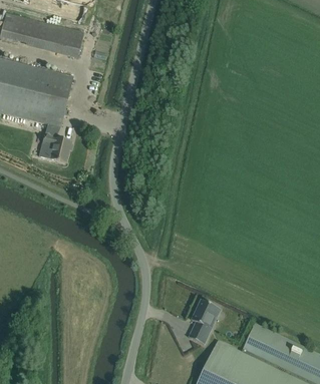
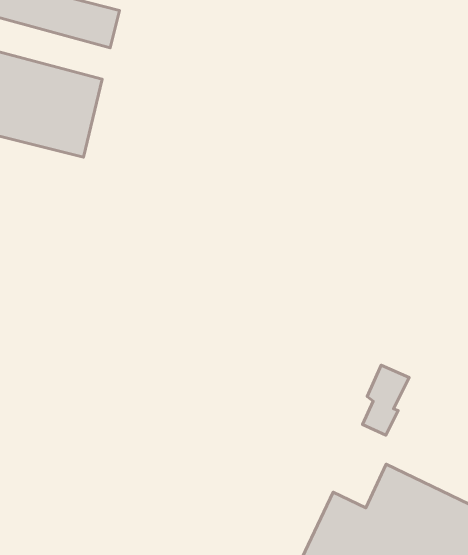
building: [38,135,69,163] -> none
building: [188,300,218,345] -> [362,365,409,435]

